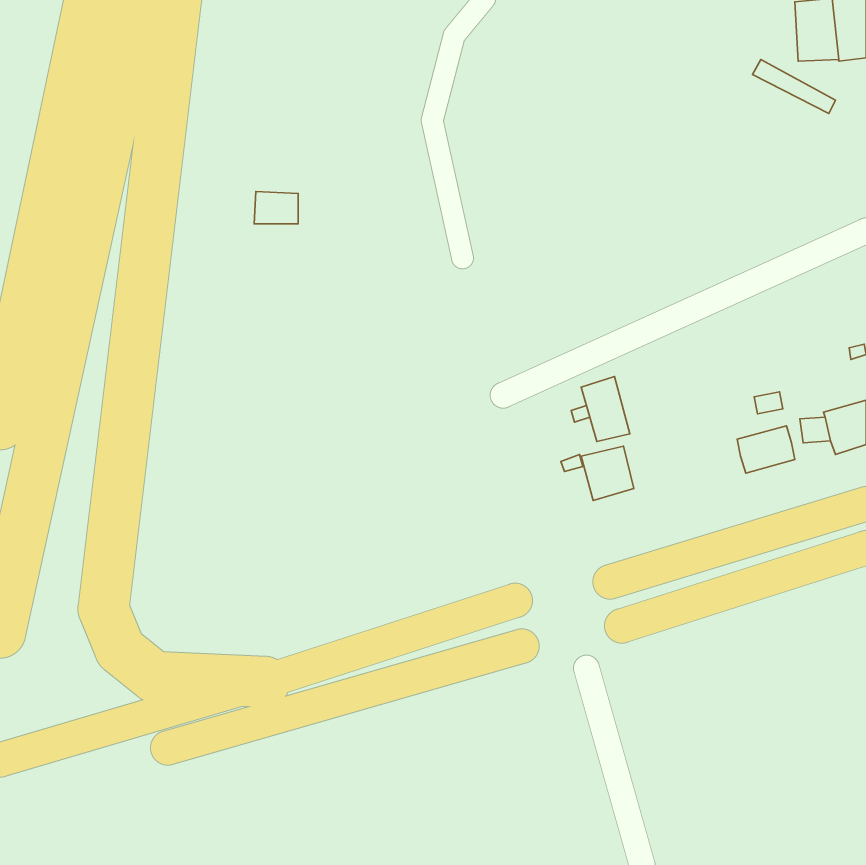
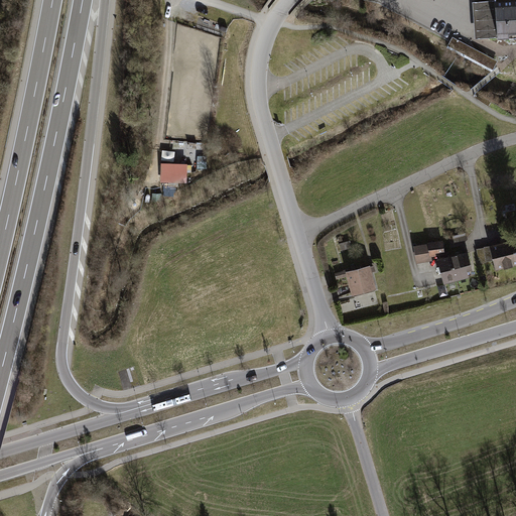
building: [254,192,298,224] -> [161,162,187,181]
building: [581,377,630,442] -> none
building: none -> [413,242,441,263]

